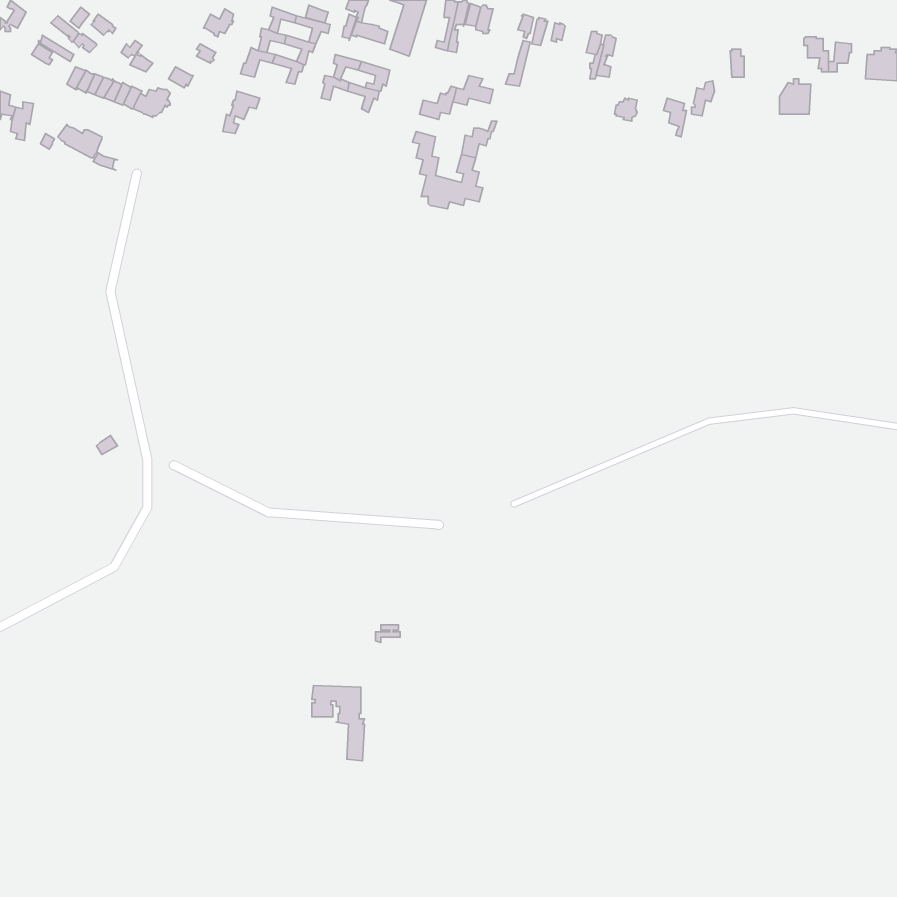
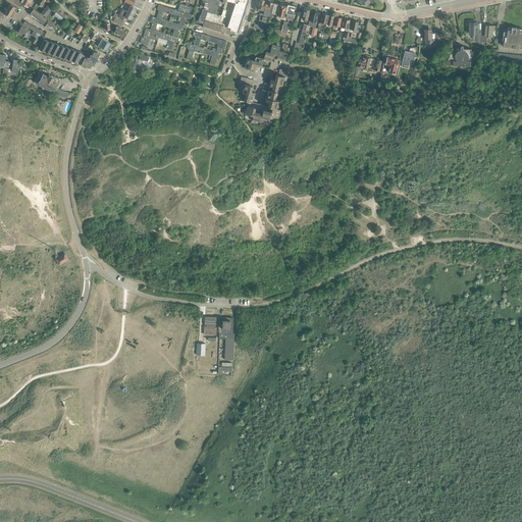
building: [312,685,364,761] -> [204,316,234,360]

